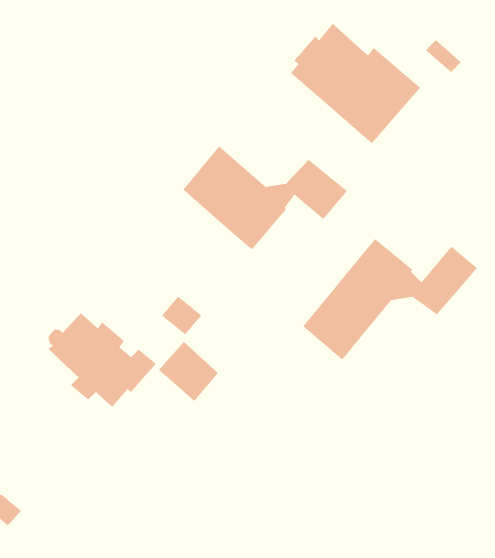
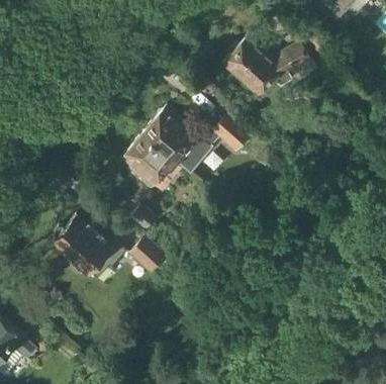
building: none -> [119,133,177,191]
building: [303,238,478,361] -> none

